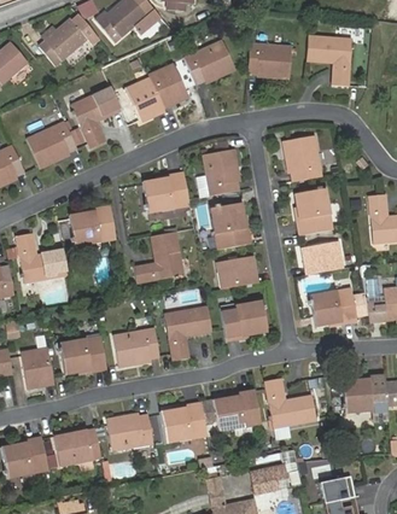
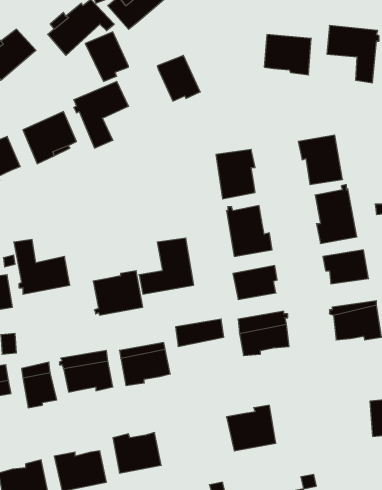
building: [183,40,235,83] -> none
building: [124,76,164,122] -> [85,32,128,81]
building: [141,171,188,214] -> none
building: [70,205,116,246] -> [93,271,143,315]
building: [168,323,212,361] -> none
building: [265,379,317,428] -> none
building: [158,398,205,440] -> none

